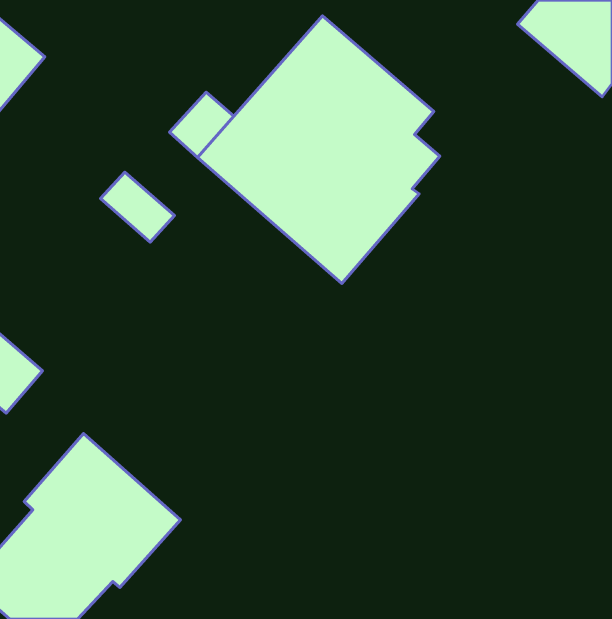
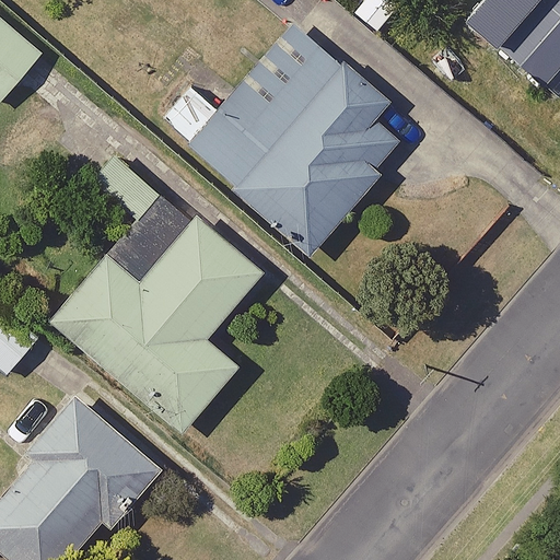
building: none -> [49,215,265,433]

